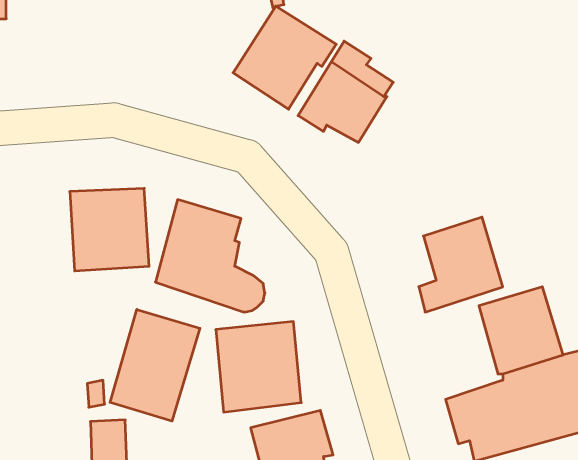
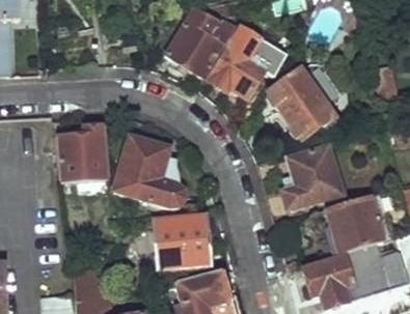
building: none -> [269,63,333,136]
building: [110,309,200,421] -> none

